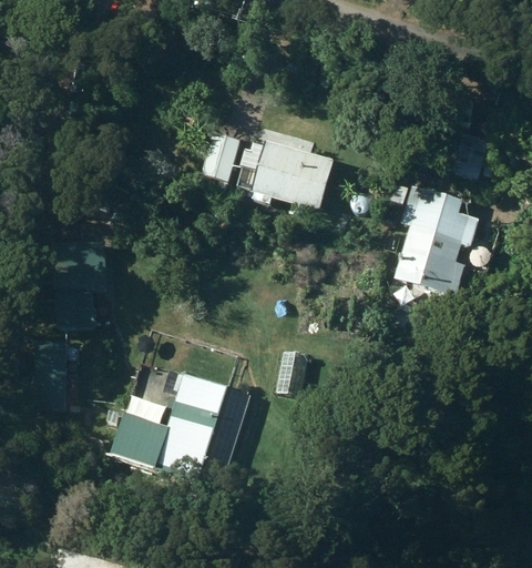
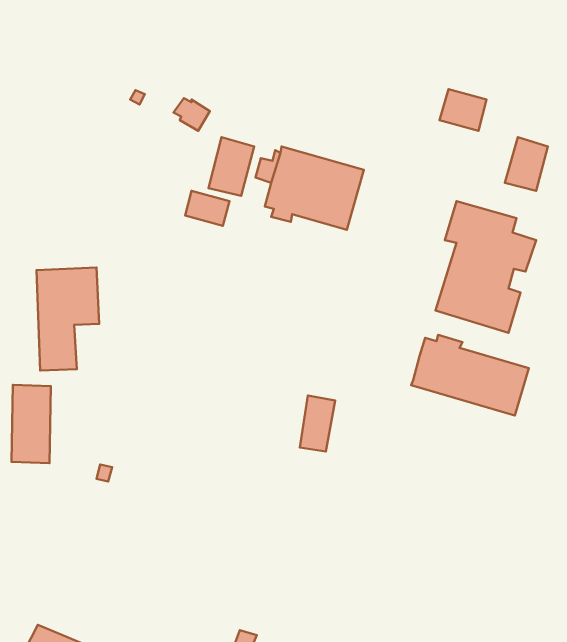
building: none -> [411,335,529,415]
building: [109,365,227,481] -> none

